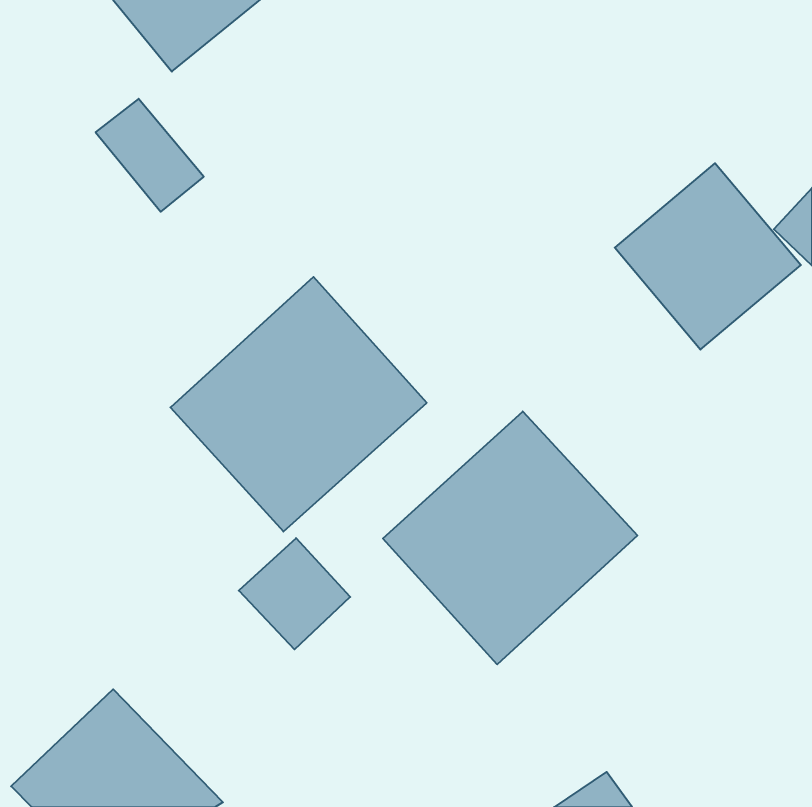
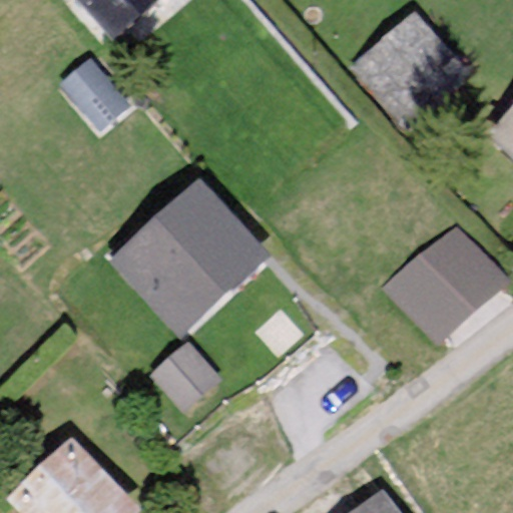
building: [615,163,801,350] -> [349,16,466,133]
building: none -> [392,230,507,345]
building: [383,411,637,664] -> none

